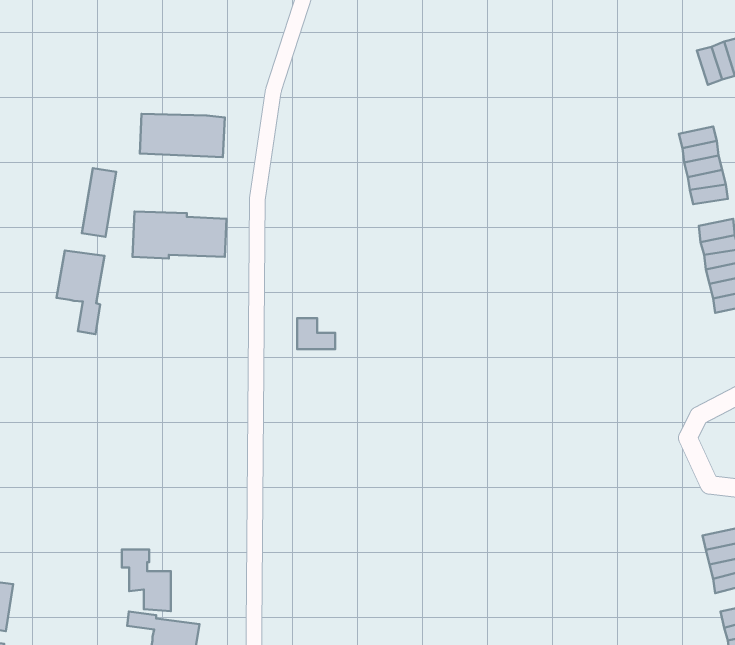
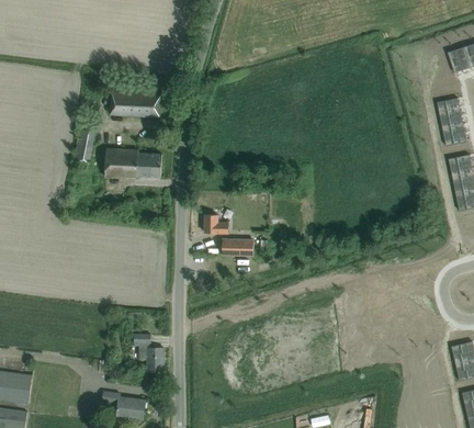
building: [57,251,104,334] -> none
building: none -> [222,239,253,256]
building: [122,550,171,611] -> [134,335,163,372]

